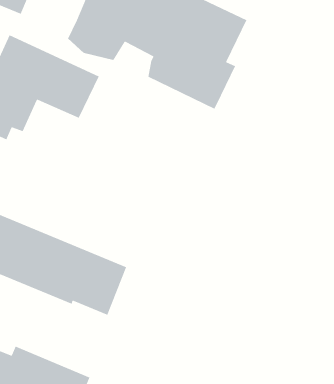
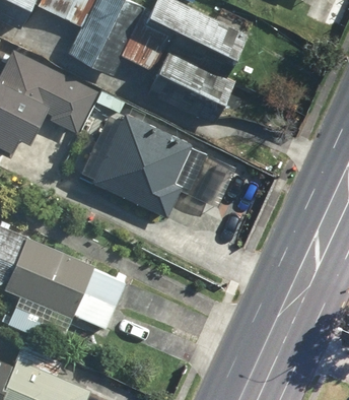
building: none -> [92,113,192,217]

